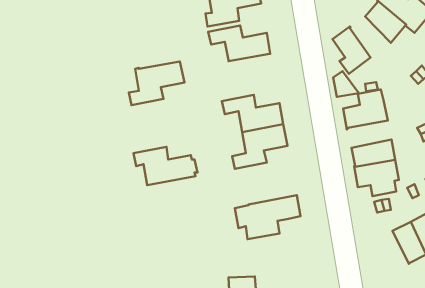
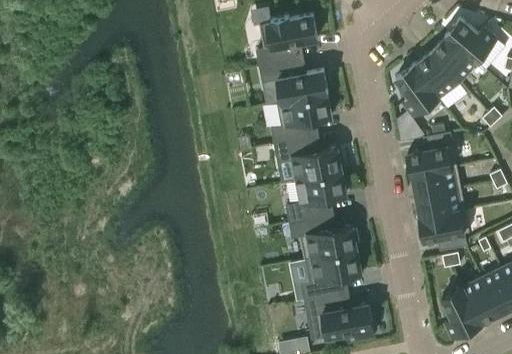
building: none -> [415,53,467,109]
building: [129,61,184,105] -> [271,94,332,142]
building: none -> [413,167,461,197]
building: [134,147,197,185] -> [289,217,359,259]
building: none -> [442,288,481,338]
building: none -> [304,295,374,340]

